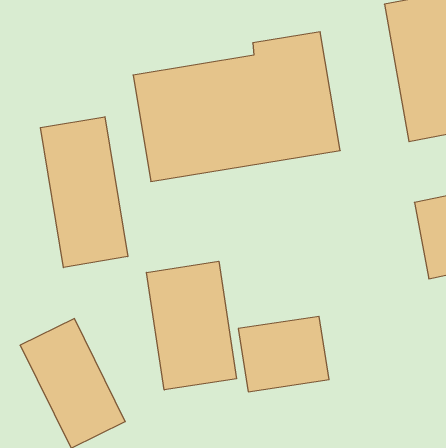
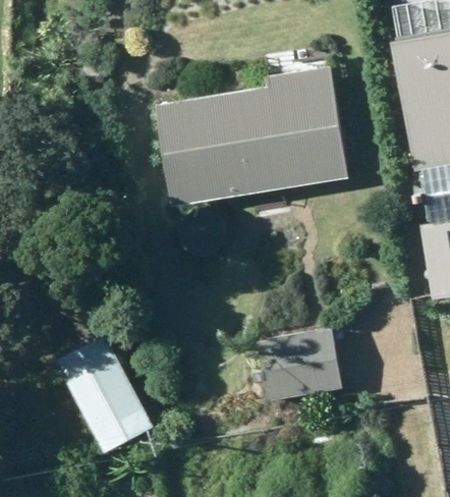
building: [40,117,128,268] -> none
building: [146,261,236,390] -> none

